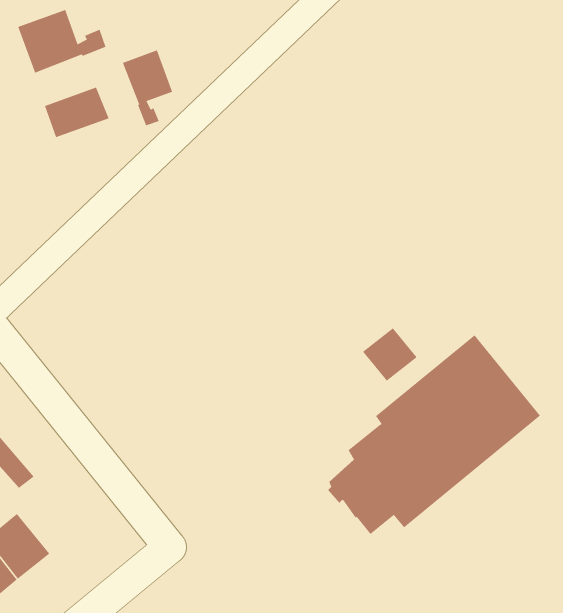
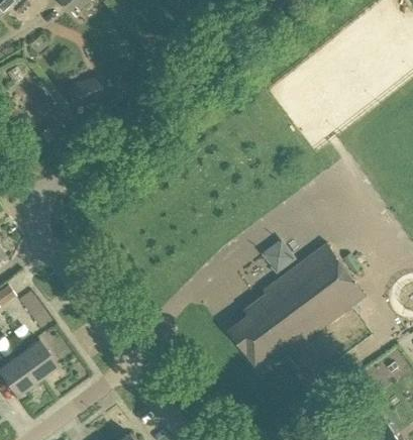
building: [17,9,106,74] -> none
building: [122,50,173,126] -> none

